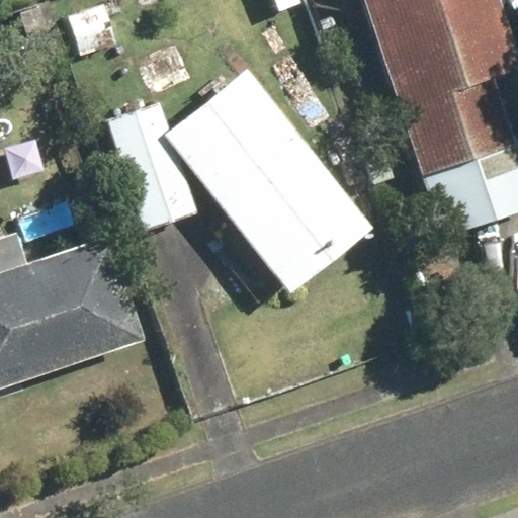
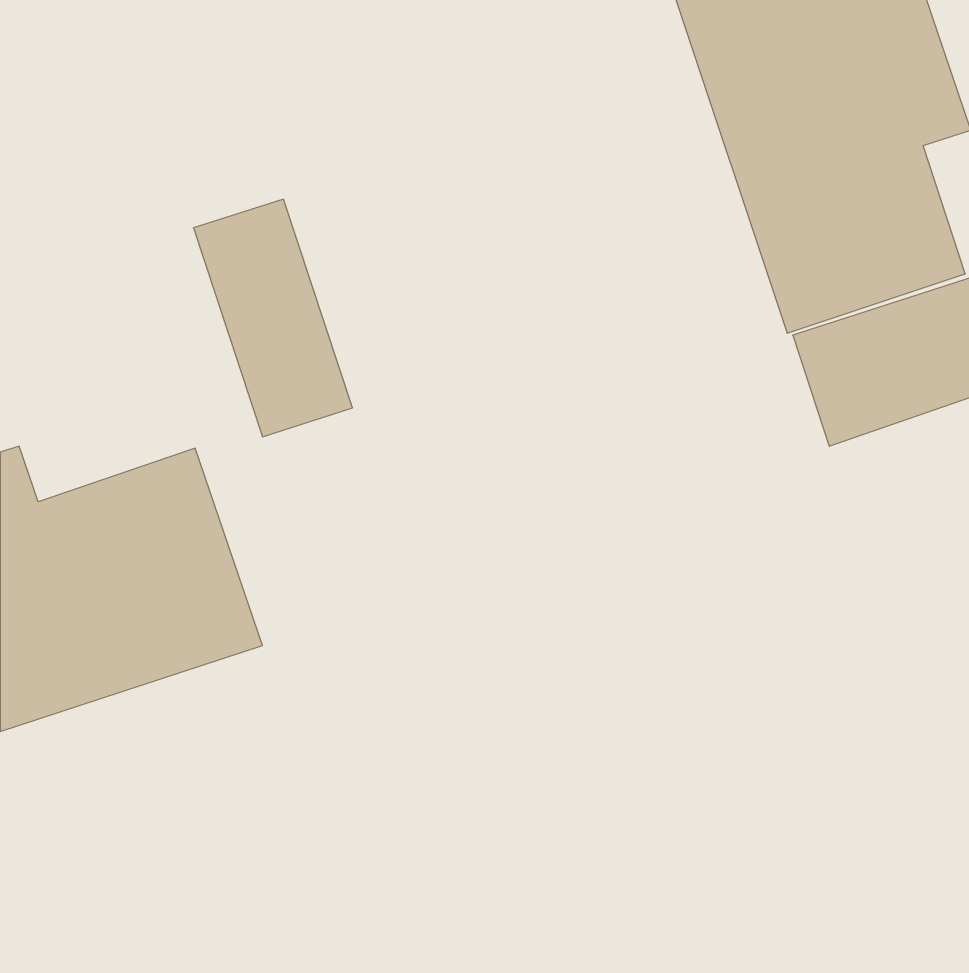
building: [166,70,372,291] -> none

